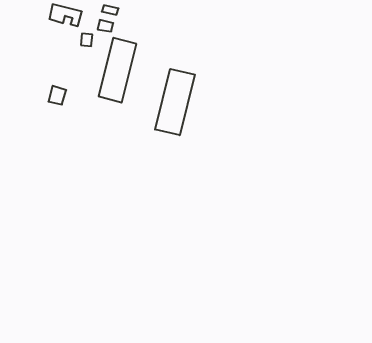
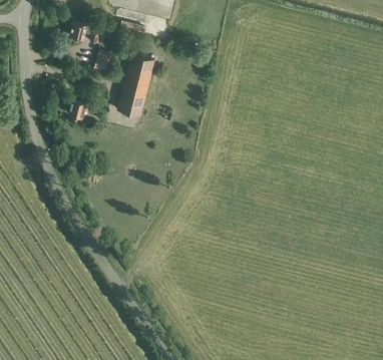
building: [155,69,195,135] -> none

